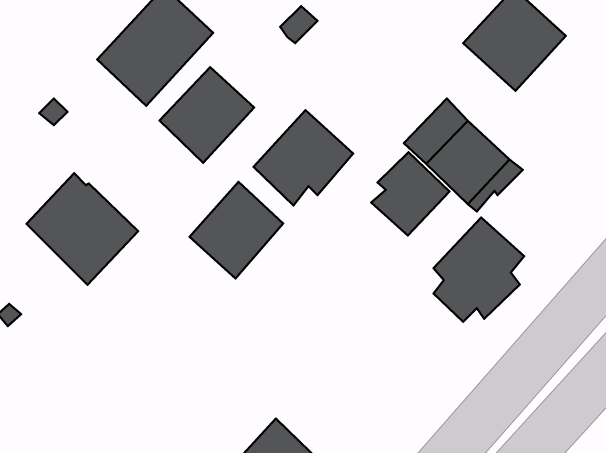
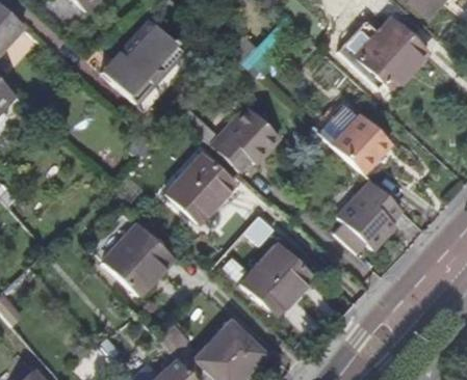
building: [159,67,254,163] -> none
building: [371,152,450,236] -> none
building: [26,173,138,285] -> [95,216,173,294]
building: none -> [245,247,312,317]

